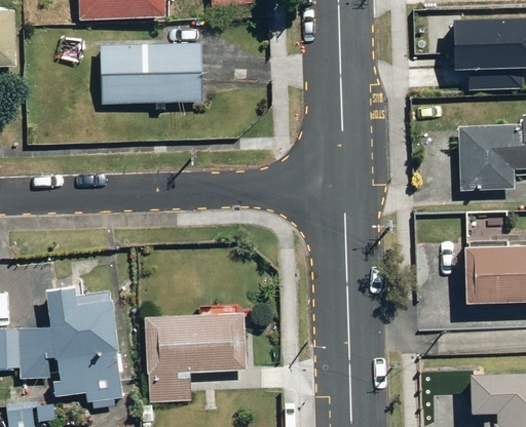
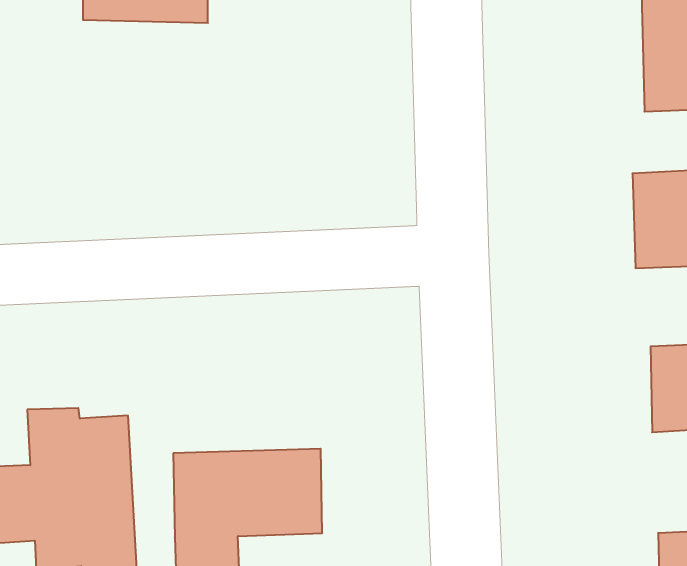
building: [101,42,204,111] -> none

